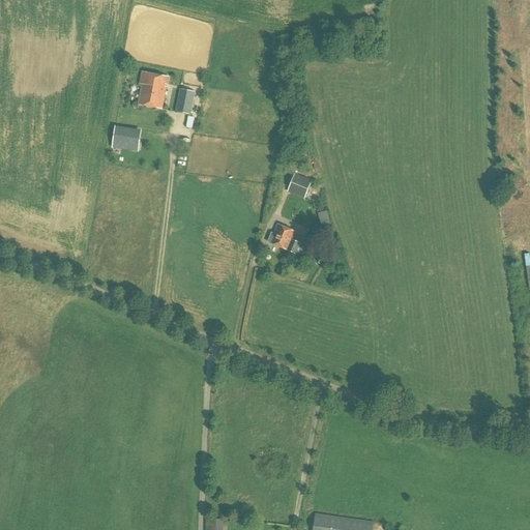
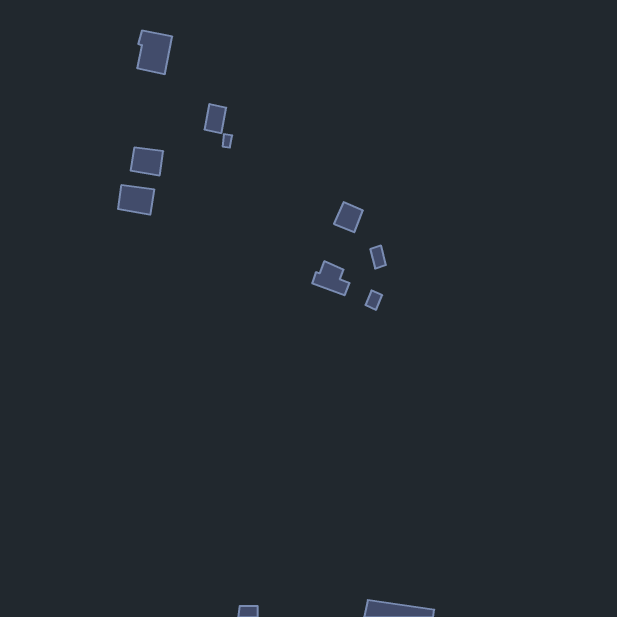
building: [138,71,168,109] -> [137,31,172,74]
building: none -> [118,185,154,215]

